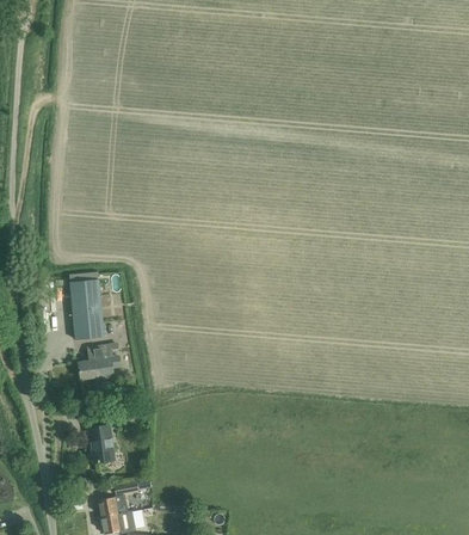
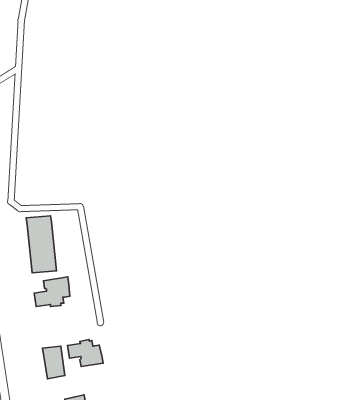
building: none -> [68,339,103,367]

